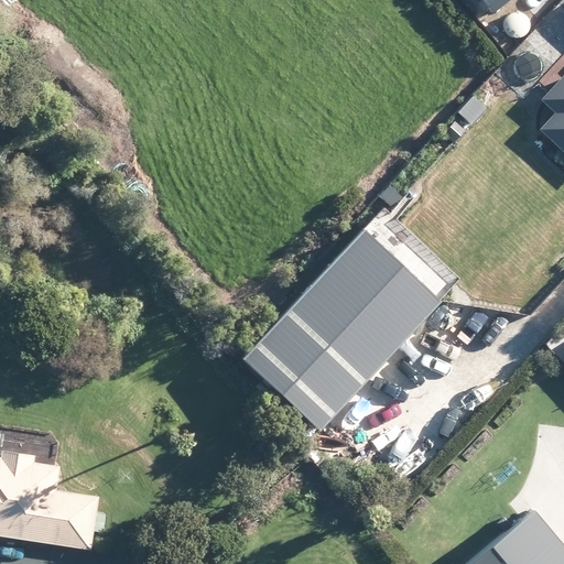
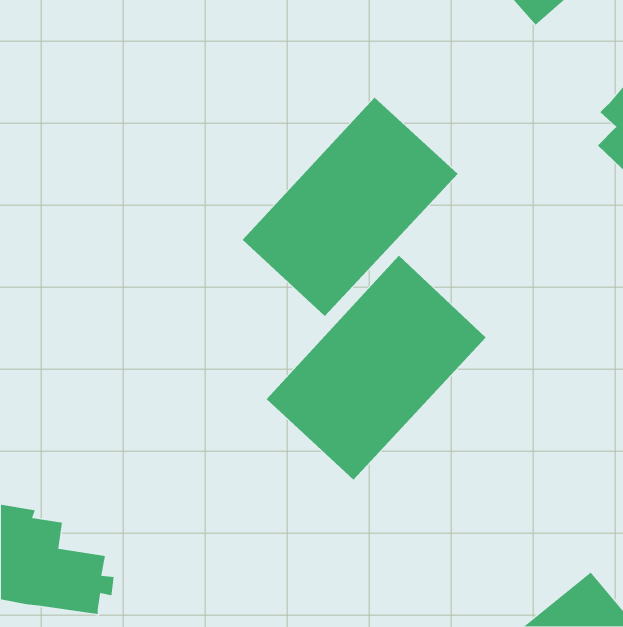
building: none -> [242,97,458,317]

